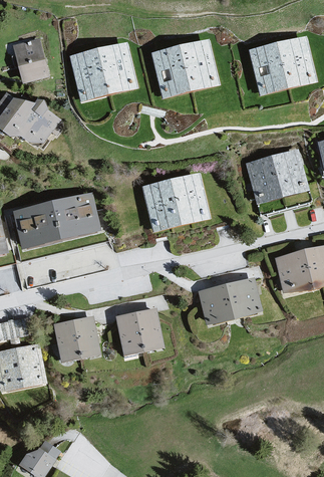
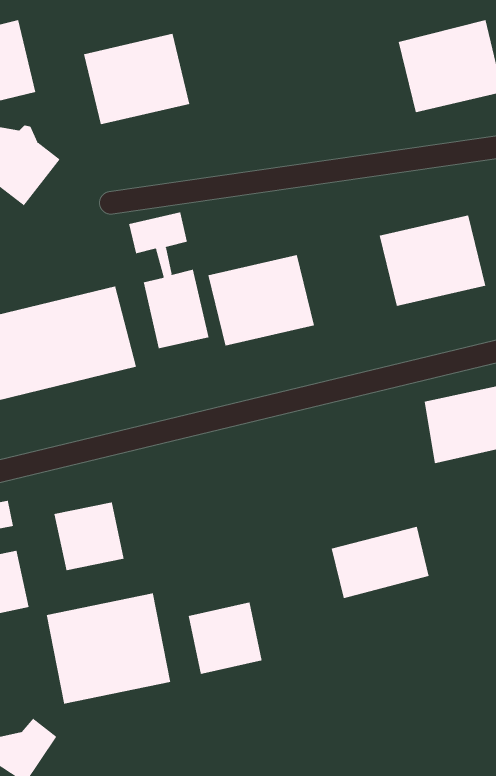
building: [154,38,217,91] -> none
building: none -> [129,212,209,349]
building: [201,278,258,320] -> [331,526,430,599]
building: [117,309,160,351] -> [188,602,262,674]
building: none -> [46,592,171,704]

